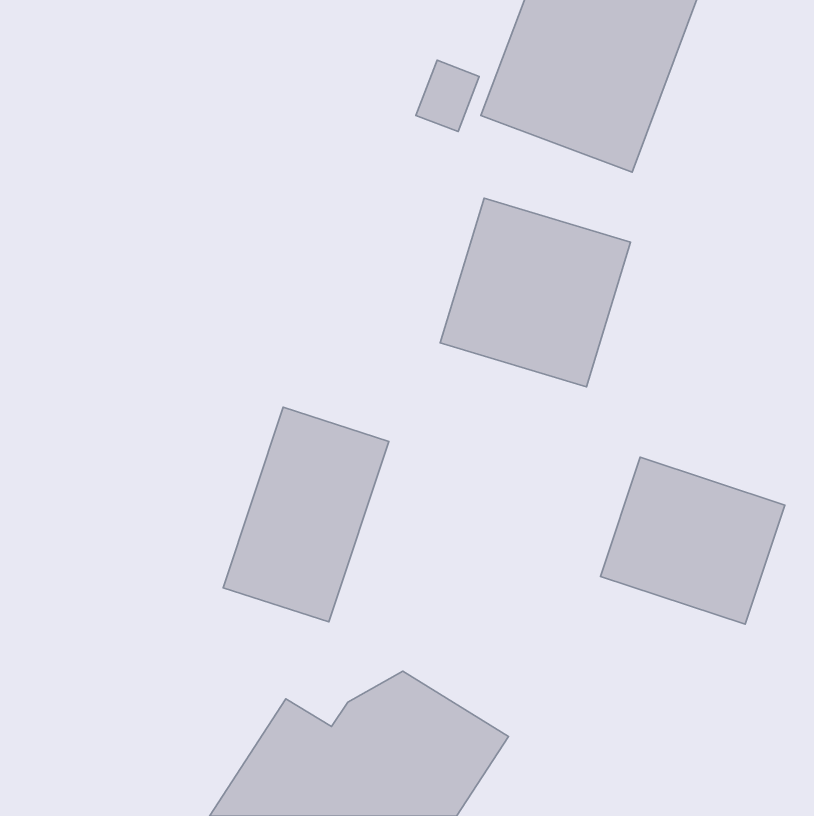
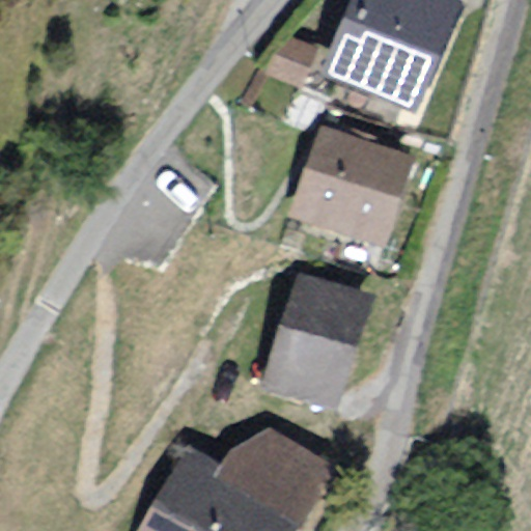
building: [223,407,389,622] -> [263,276,369,413]
building: [600,457,785,624] -> none

